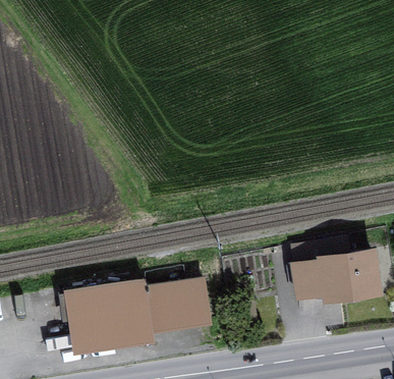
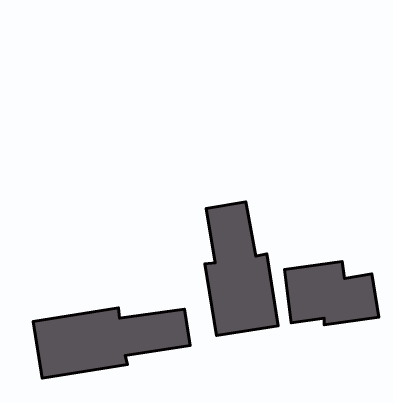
building: none -> [205,202,278,336]

